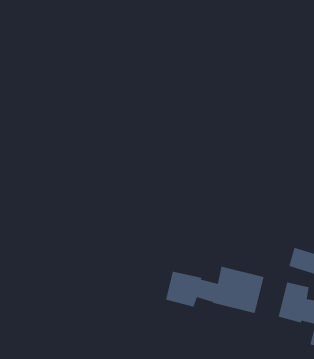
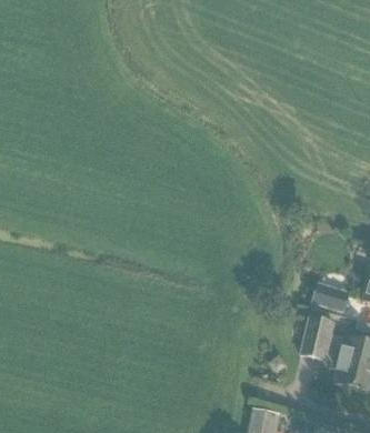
building: [165,266,264,314] -> none

